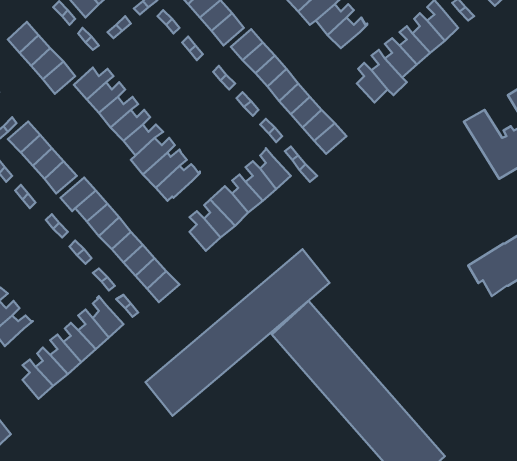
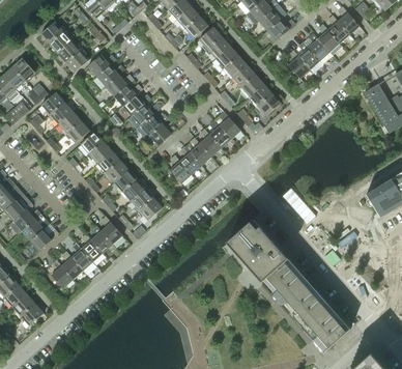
building: [146,249,329,416] -> none

